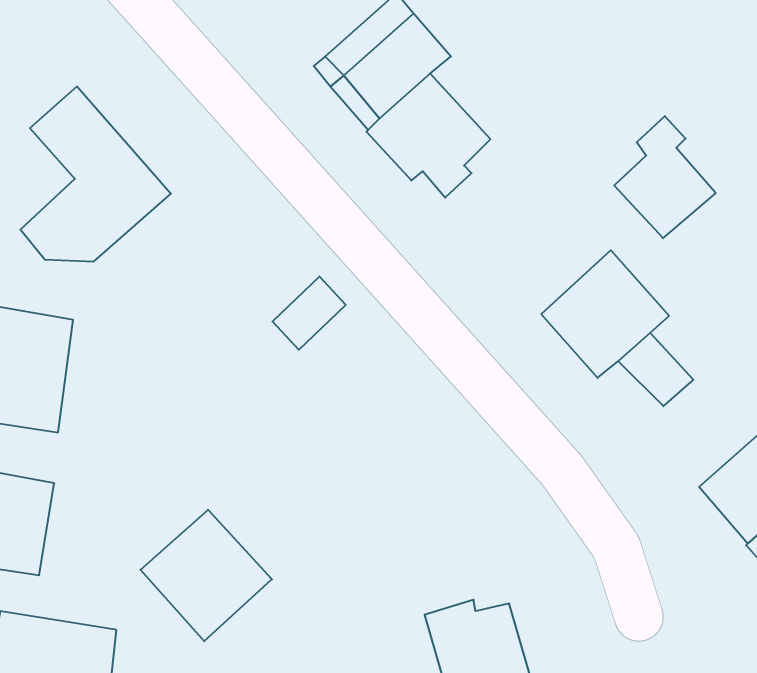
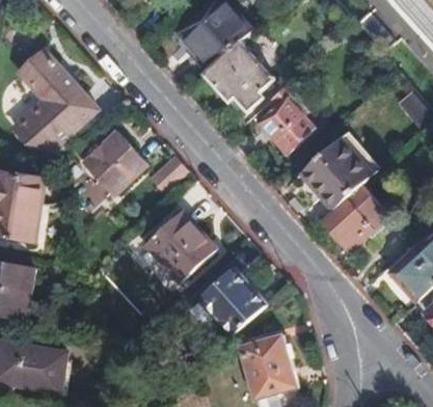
building: [614,116,716,238] -> [259,84,315,152]
building: none -> [81,131,145,196]
building: none -> [322,200,369,250]
building: none -> [199,269,266,334]
building: [140,510,272,641] -> [144,210,217,282]

